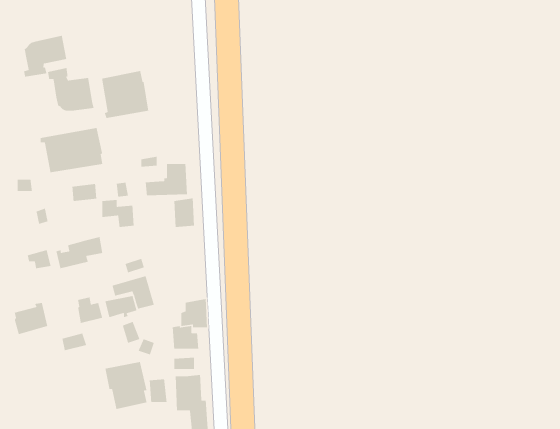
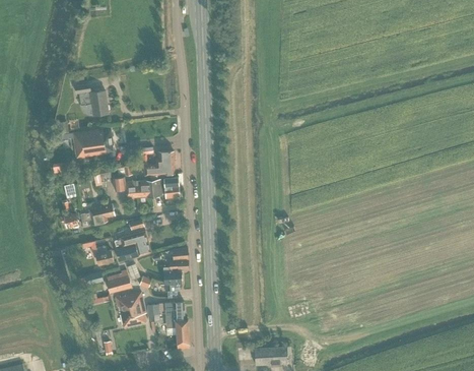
building: [23,35,67,78] -> none
building: [101,70,149,119] -> none
building: none -> [135,179,160,196]
building: [14,302,48,335] -> [106,269,130,293]

